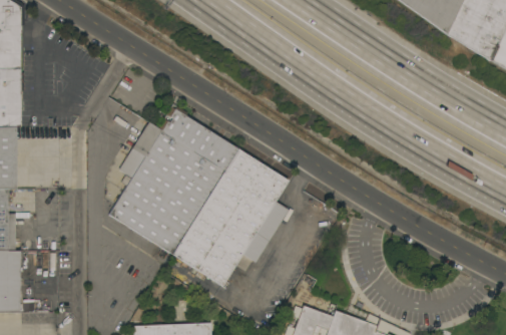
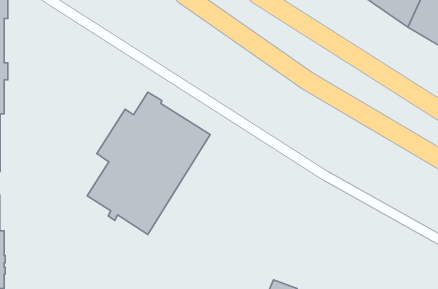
building: [171,149,287,287] -> none

